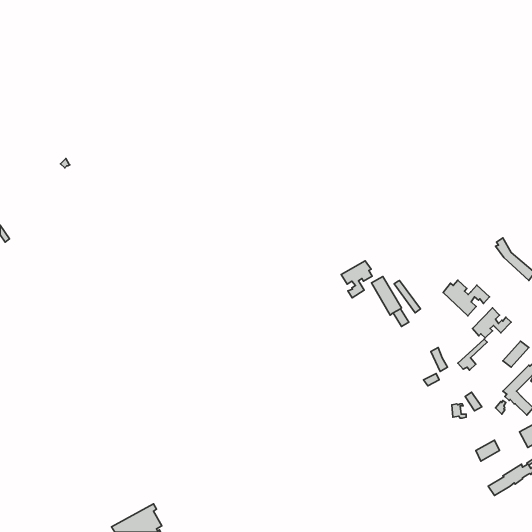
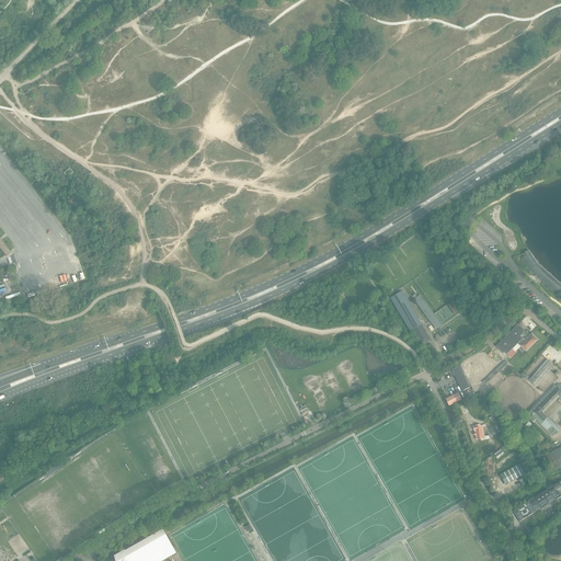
building: [341,261,372,298] -> none
building: [443,280,490,316] -> none

